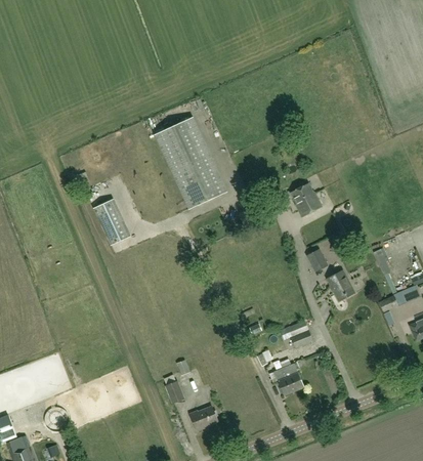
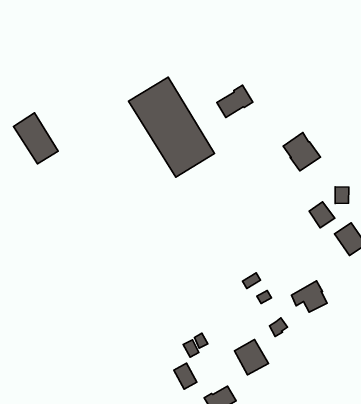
building: none -> [217,85,253,117]
building: [93,199,131,246] -> [14,113,58,164]
building: [274,363,304,394] -> [235,339,269,375]

